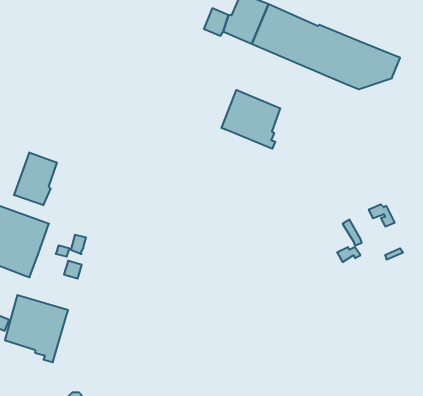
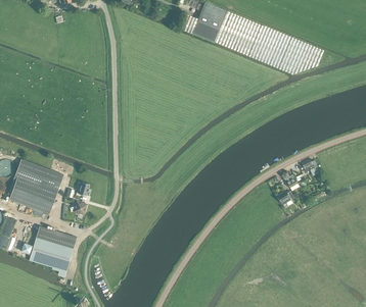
building: [221,90,280,149] -> none
building: [14,152,57,205] -> none

